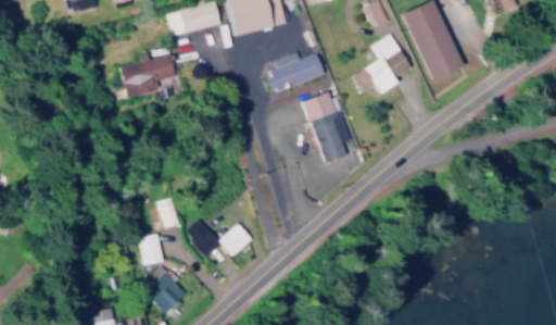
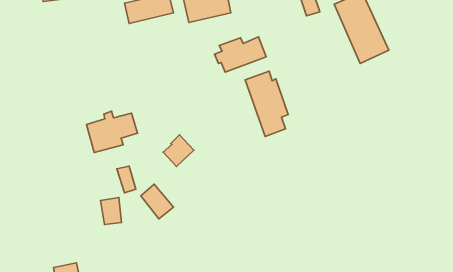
building: [353,34,400,93] -> none
building: [119,52,177,99] -> [87,111,137,152]
building: [217,221,252,257] -> [163,135,194,166]
building: [138,265,185,313] -> none

